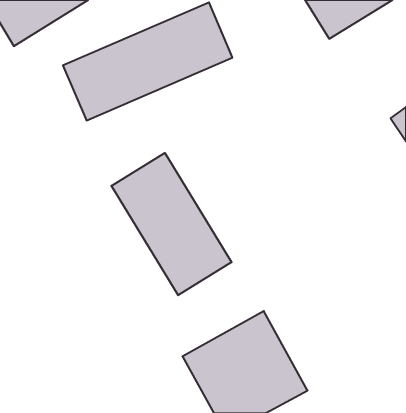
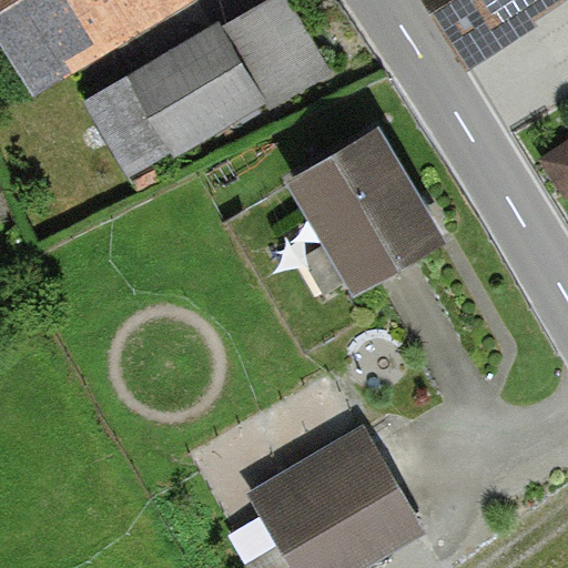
building: none -> [288,133,443,296]
building: [111,153,232,295] -> none

